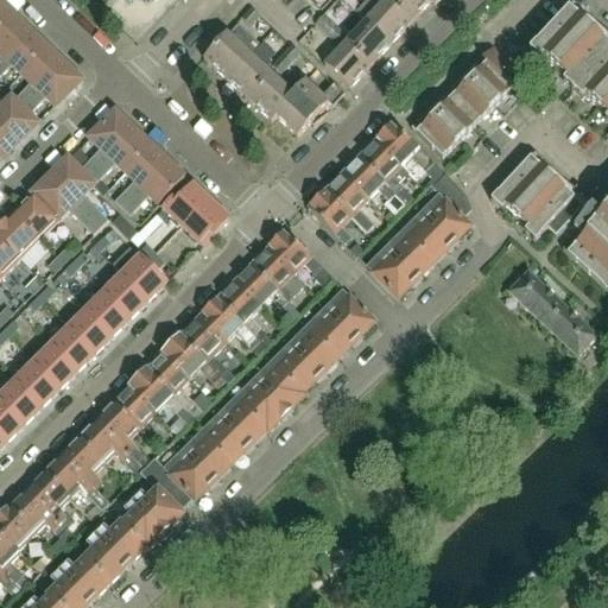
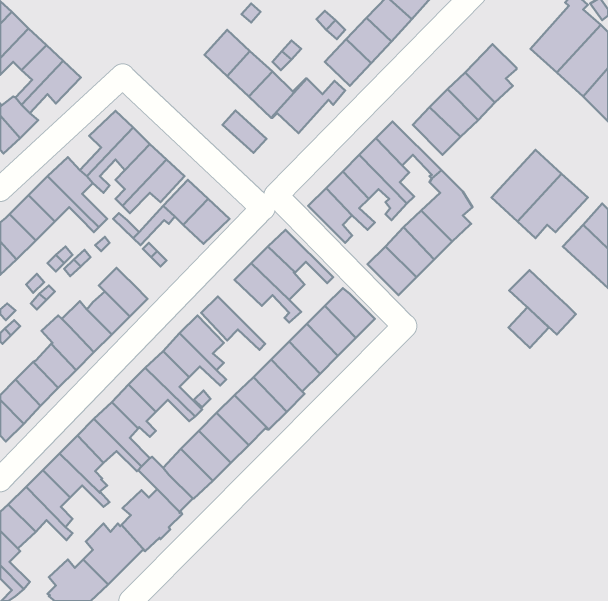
building: none -> [222,111,266,153]
building: [116,248,165,298] -> none
building: [217,279,272,343] -> none
building: [556,314,596,354] -> [508,307,549,348]

